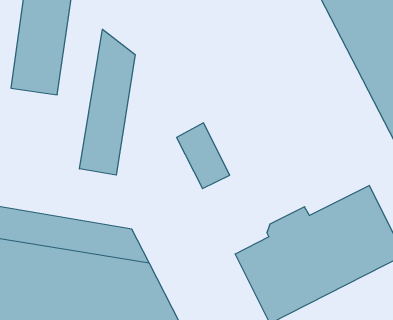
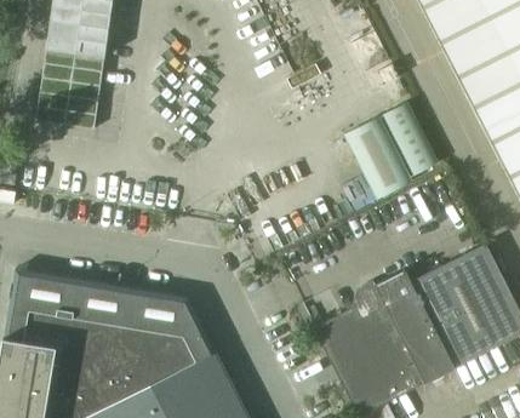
building: [80,29,135,175] -> none
building: none -> [383,103,439,179]
building: [177,123,230,189] -> [344,116,411,199]

